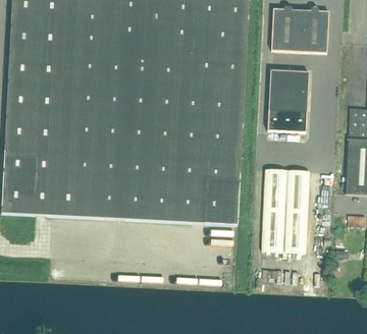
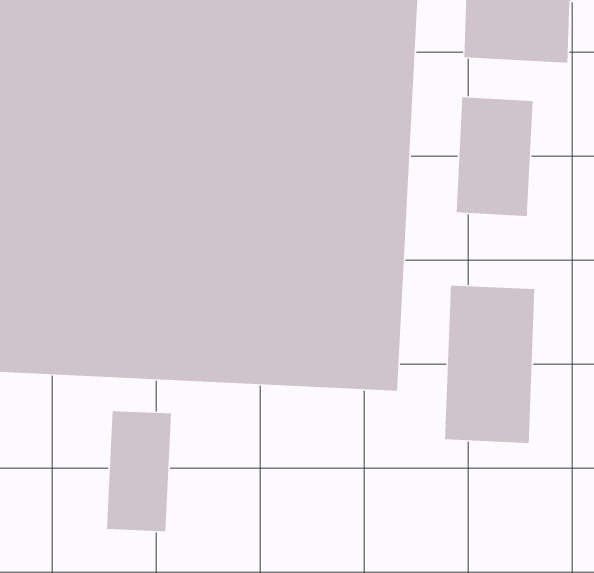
building: none -> [106,410,172,532]

